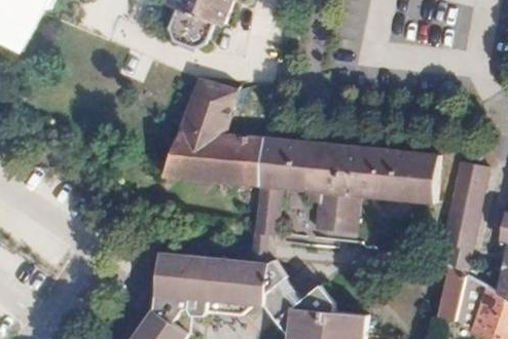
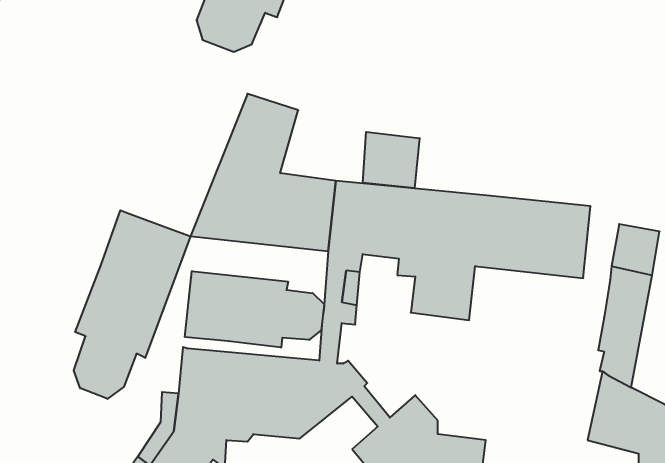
building: none -> [363,132,420,188]
building: none -> [74,210,190,399]
building: none -> [185,271,324,348]

